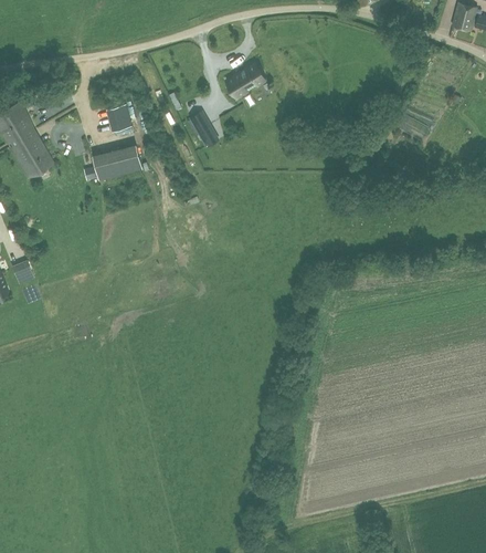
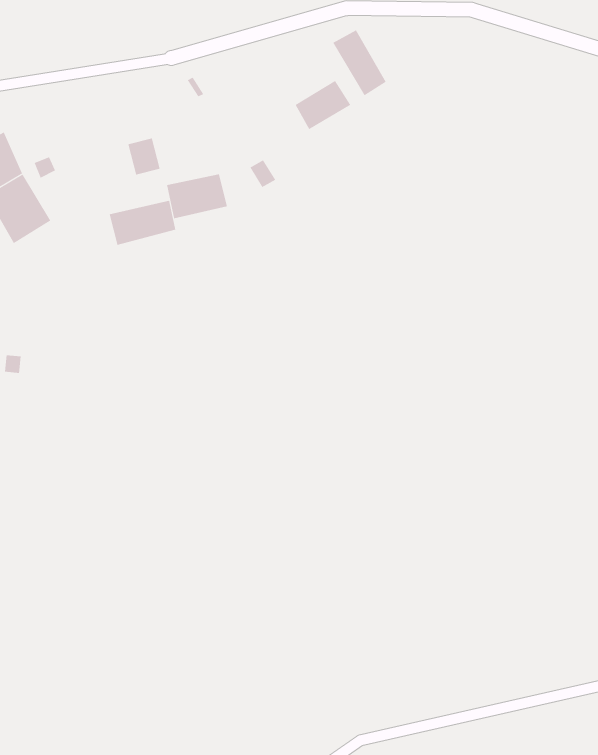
building: none -> [333,29,387,96]
building: none -> [167,173,228,219]

